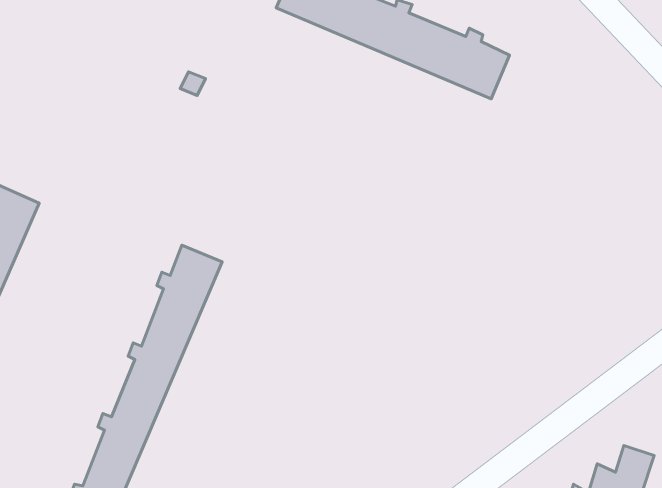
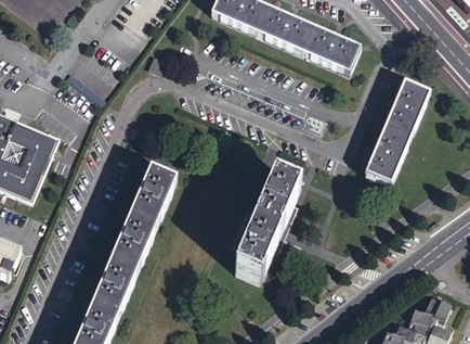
building: none -> [367,80,431,181]
building: none -> [235,165,300,280]

